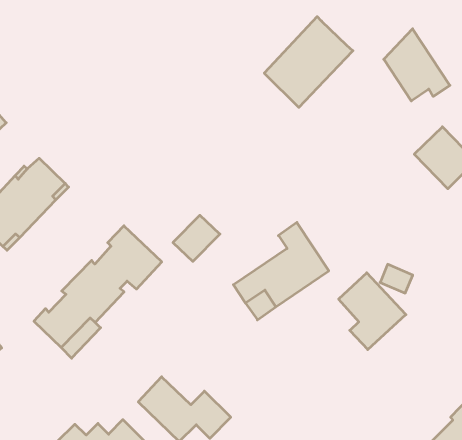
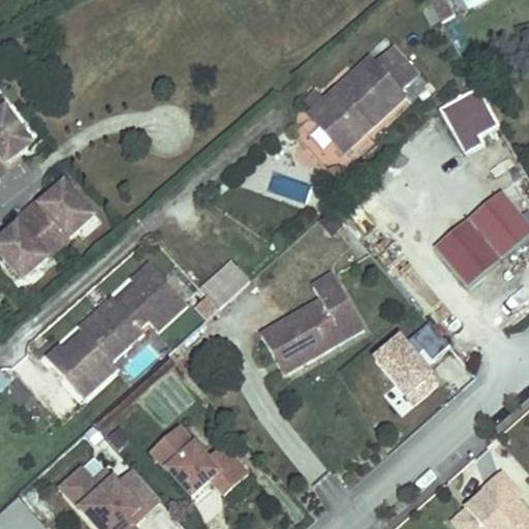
building: none -> [375,46,416,89]
building: none -> [429,211,494,278]

